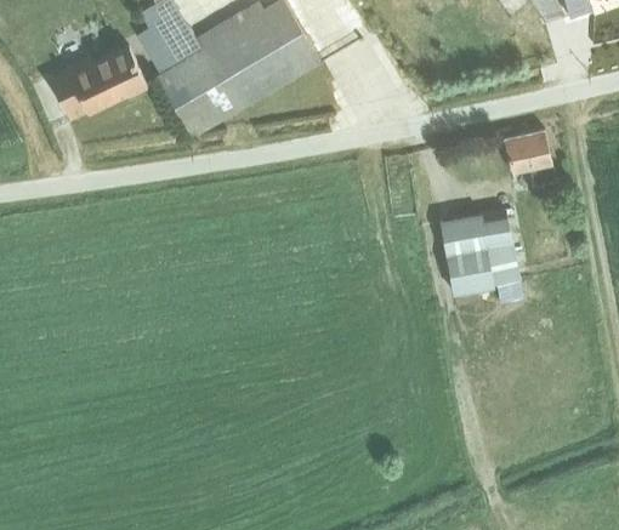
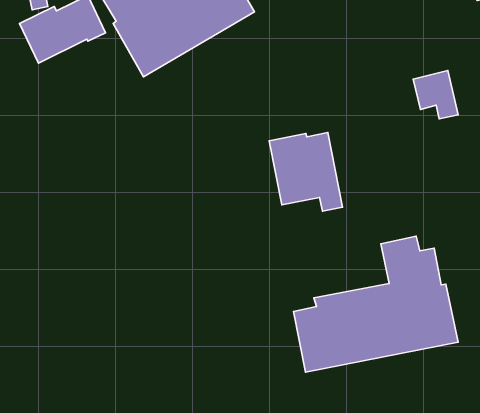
building: [438,209,523,300] -> [269,133,343,211]
building: none -> [294,236,458,372]

